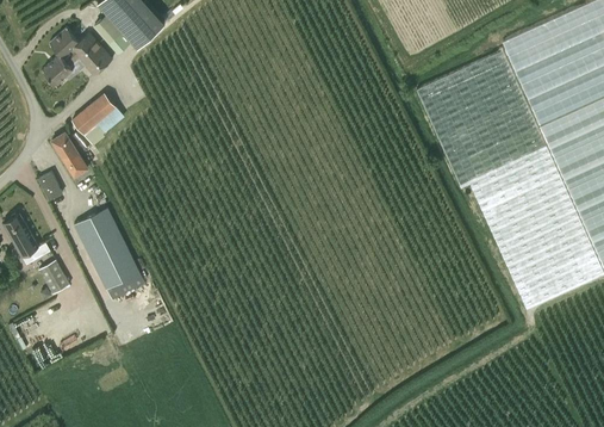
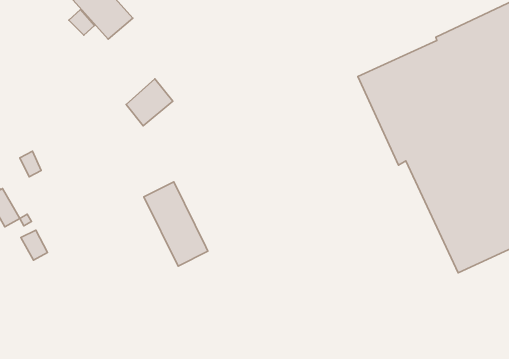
building: [43,27,112,83] -> none
building: [71,91,124,143] -> [126,79,173,126]
building: [51,131,88,177] -> none
building: [74,206,145,301] -> [144,182,208,266]

